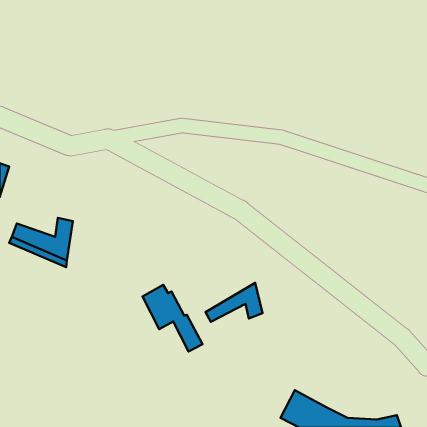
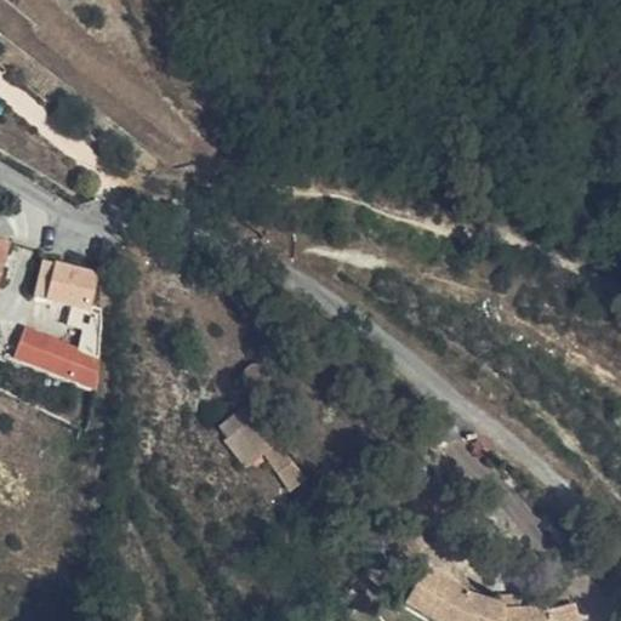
building: none -> [33,260,98,312]
building: [206,283,262,322] -> none

